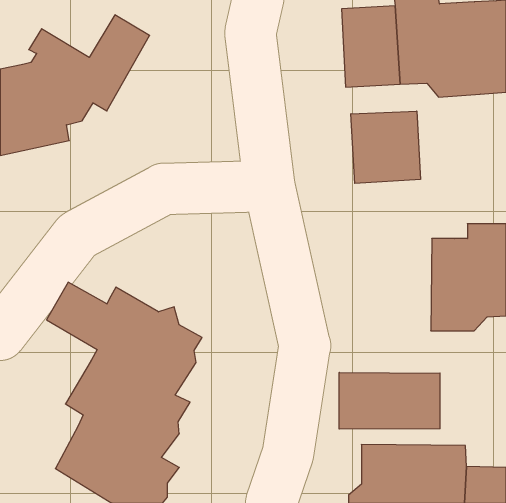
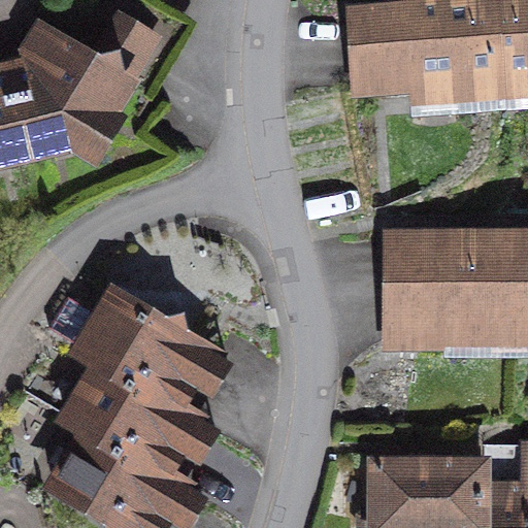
building: [351,111,420,183] -> none
building: none -> [393,233,450,344]
building: [339,372,440,429] -> none

